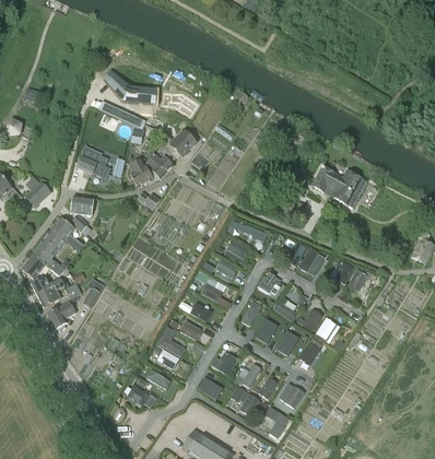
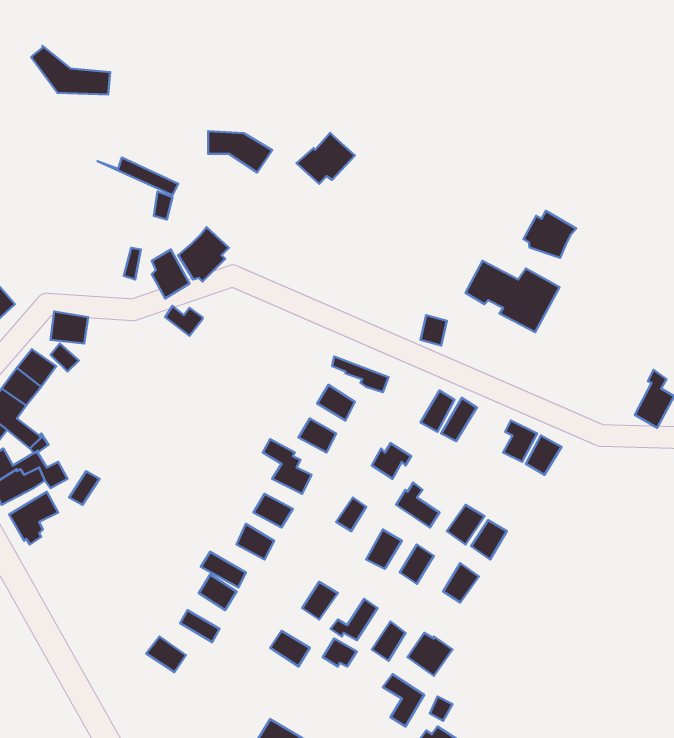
building: [107,74,153,103] -> [31,46,110,95]
building: [162,129,196,158] -> [297,133,355,184]
building: none -> [524,211,576,258]
building: [77,145,110,178] -> none

